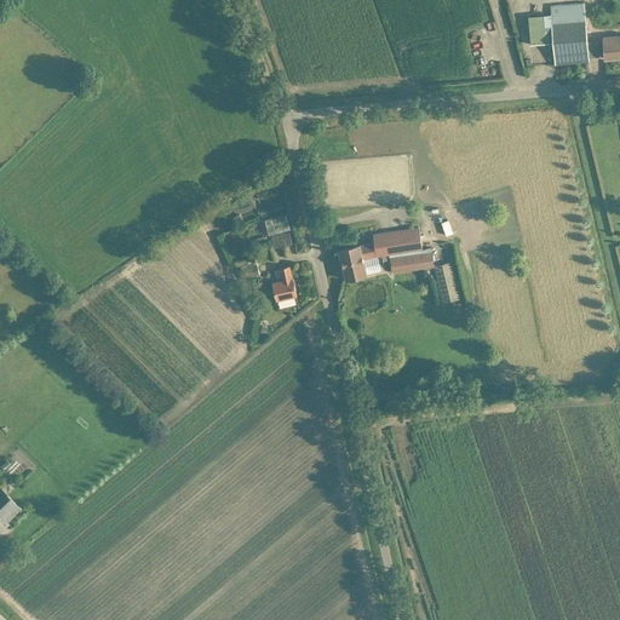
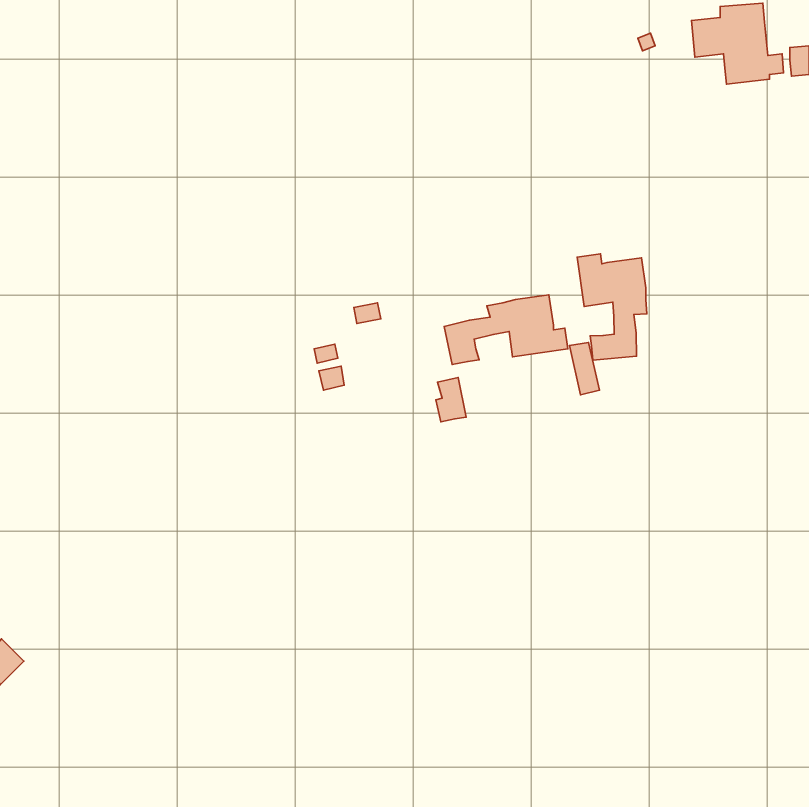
building: none -> [577,254,647,360]
building: [272,268,295,302] -> [436,378,466,422]

